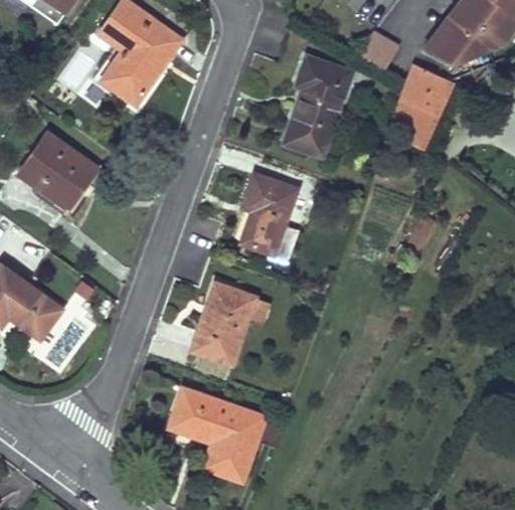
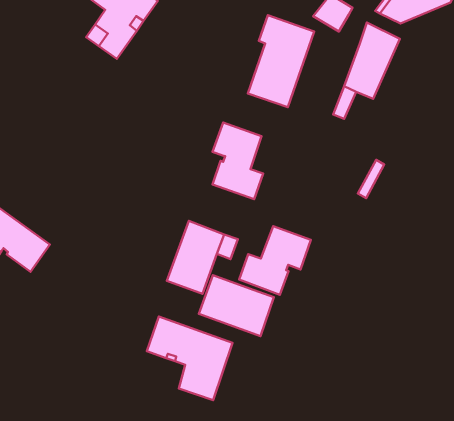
building: [18,133,98,208] -> none
building: none -> [239,226,311,295]
building: none -> [199,275,274,336]

